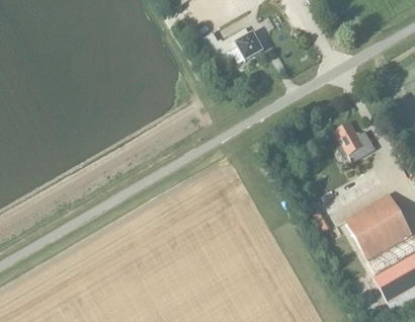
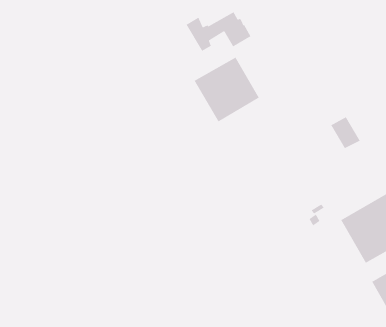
building: none -> [193,56,260,122]

